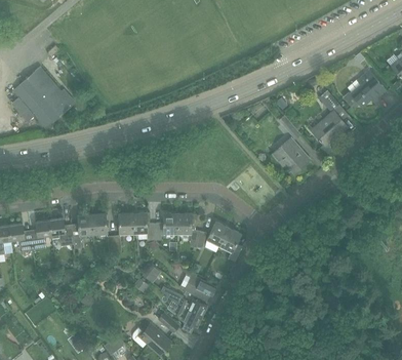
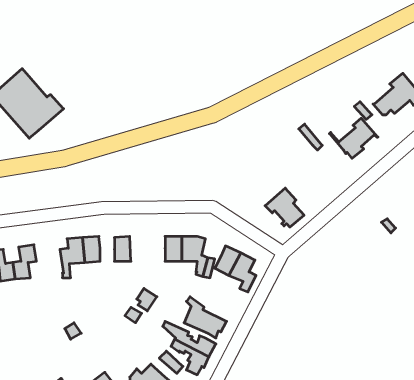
building: [273,137,307,171] -> [265,188,304,227]
building: [132,211,156,239] -> none
building: [49,217,75,246] -> none

